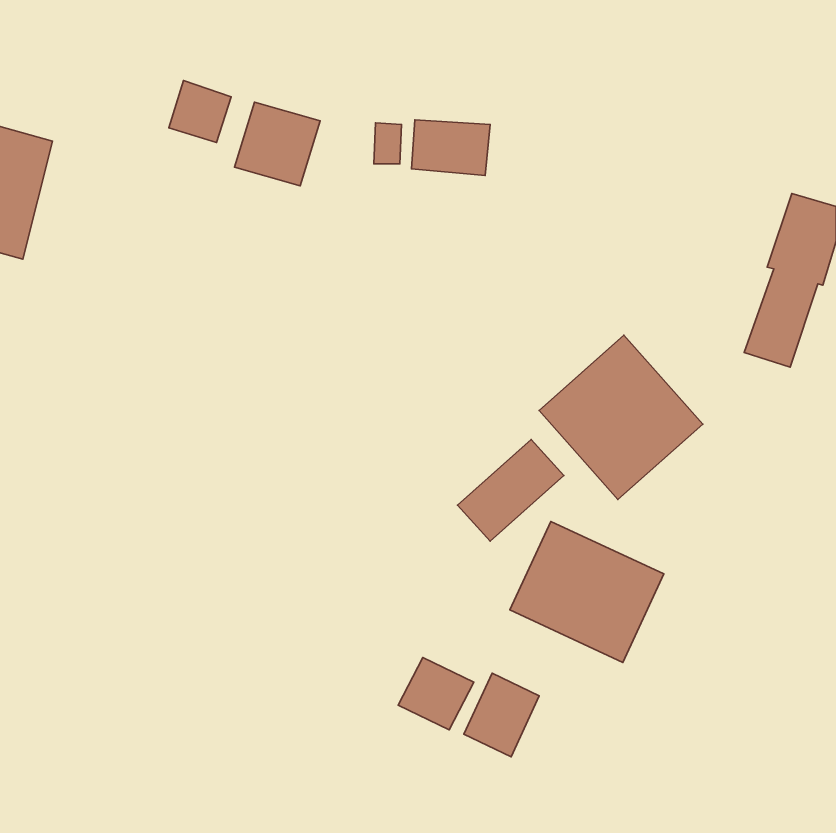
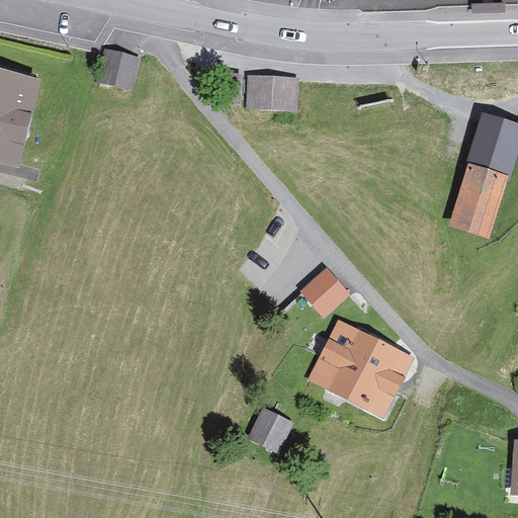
building: [234,102,320,186] -> none
building: [539,335,703,500] -> none
building: [464,673,539,757] -> none

